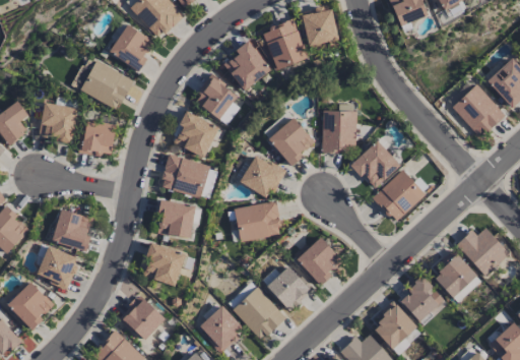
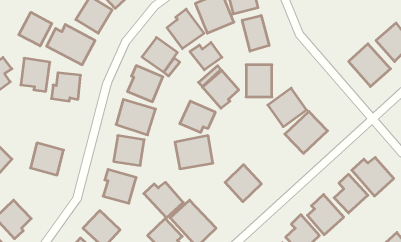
building: none -> [19,12,52,46]
building: none -> [242,15,269,51]
building: none -> [190,42,222,70]
building: [37,246,78,290] -> none
building: [262,266,312,311] -> [144,182,183,218]

